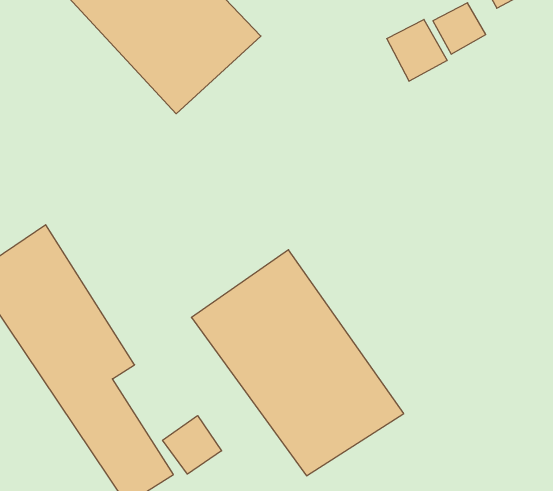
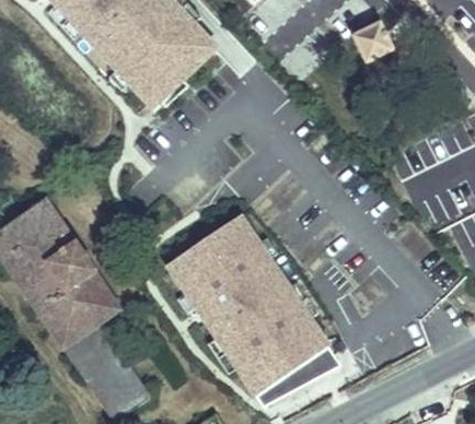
building: [387,19,447,81] -> none
building: [163,416,222,474] -> none

